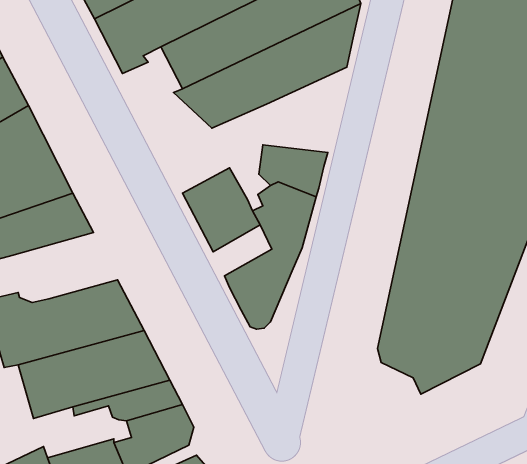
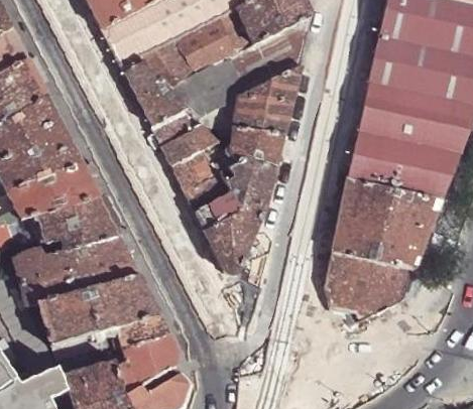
building: none -> [122,59,218,163]
building: none -> [233,63,300,131]
building: none -> [194,188,240,229]
building: none -> [34,194,118,247]

